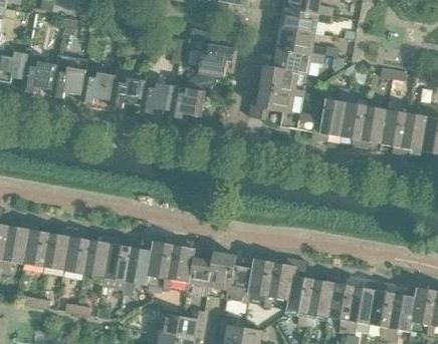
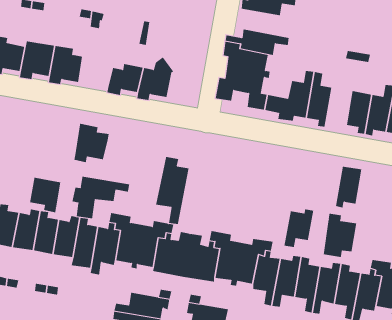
building: [272,27,324,56] -> none
building: [196,31,237,90] -> none
building: [110,69,146,109] -> [74,123,109,163]
building: [360,106,387,148] -> [335,166,362,208]
building: none -> [155,156,189,225]
building: none -> [72,176,130,219]
building: none -> [30,177,61,213]
building: none -> [284,208,314,248]
building: none -> [323,213,357,258]

